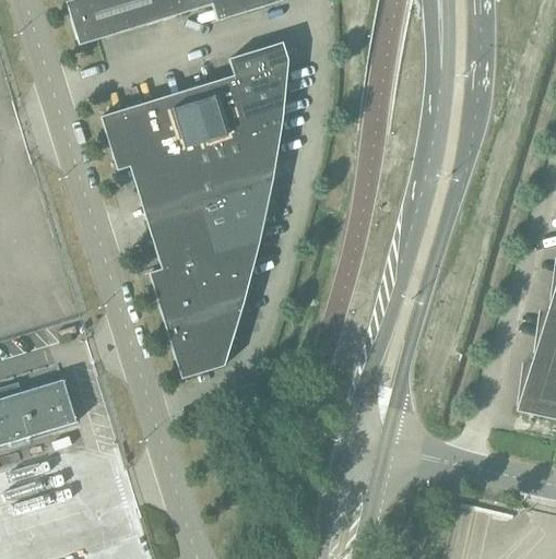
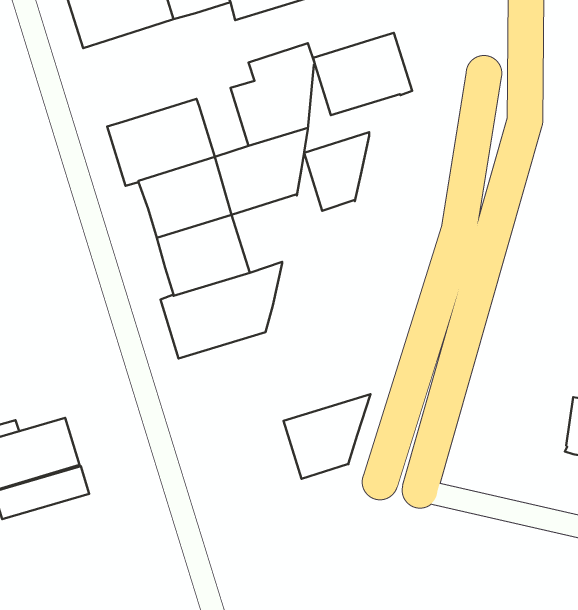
building: none -> [313,33,412,115]
building: [182,80,229,142] -> none
building: [214,176,273,247] -> [304,132,369,211]
building: [166,300,245,377] -> [283,394,370,479]

